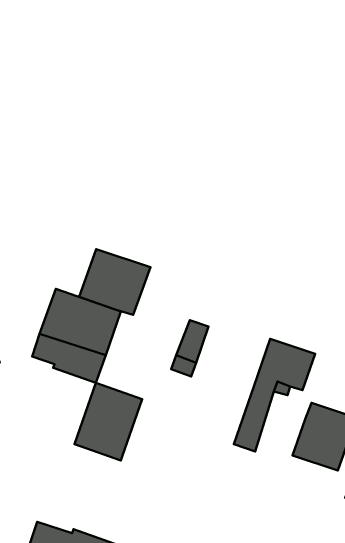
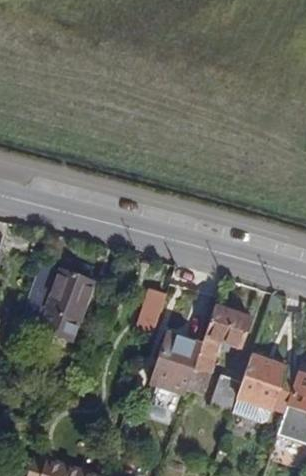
building: [79,249,150,315] -> none
building: [75,383,142,460] -> [160,329,214,391]
building: none -> [221,361,255,404]

